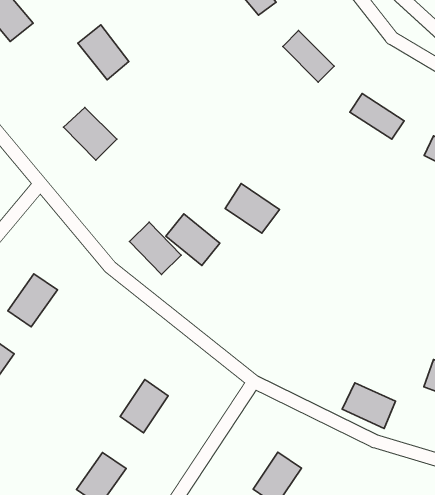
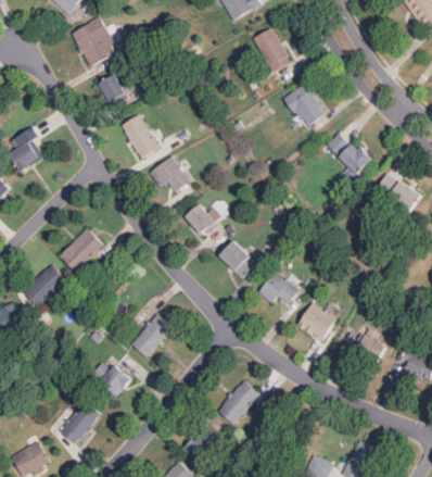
building: [78,25,129,80] -> [96,70,130,110]
building: [225,184,280,233] -> [219,240,258,278]
building: [129,222,181,275] -> [154,155,190,194]
building: none -> [259,273,298,310]
building: [342,383,395,429] -> [297,302,336,338]

